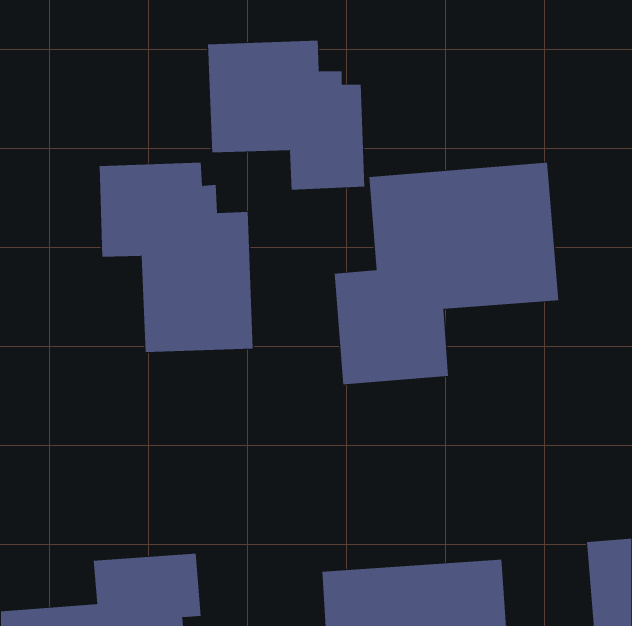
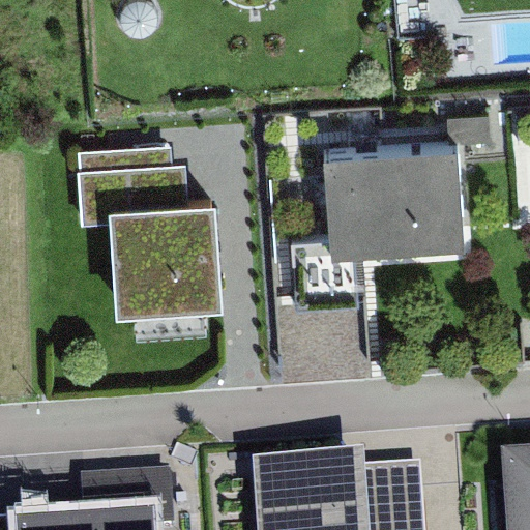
building: [208,40,365,191] -> none

